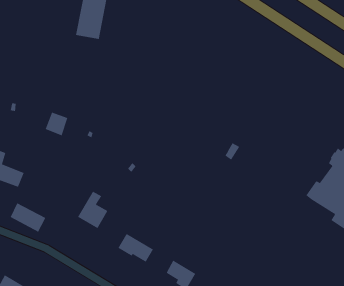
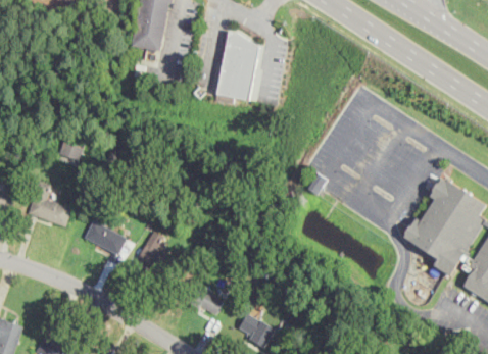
building: none -> [215,33,259,105]
building: [45,112,68,136] -> [58,135,86,163]
building: [10,202,46,233] -> [84,220,127,256]

